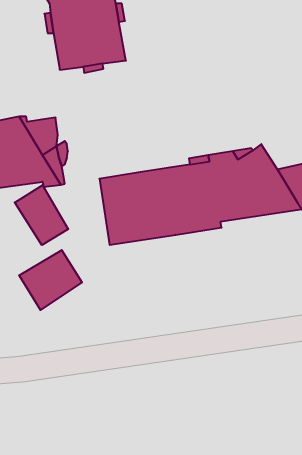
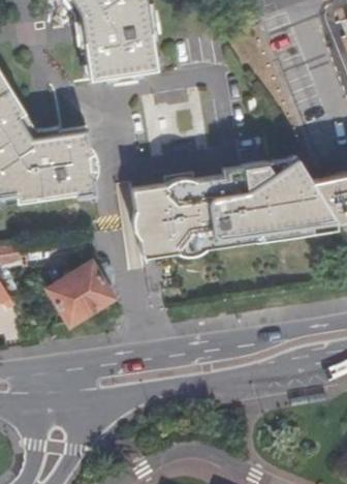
building: [15,185,68,245] -> none

